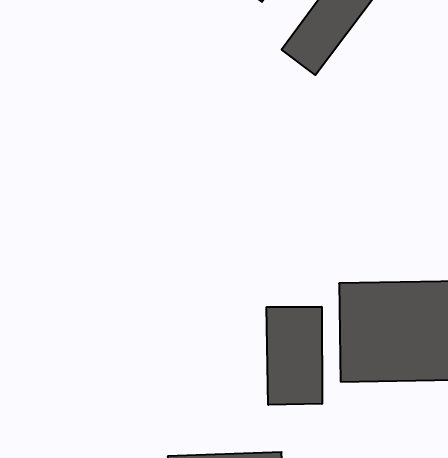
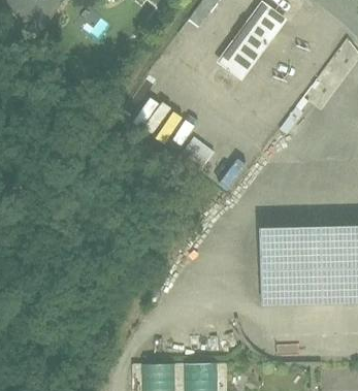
building: [267,307,322,405] -> none

